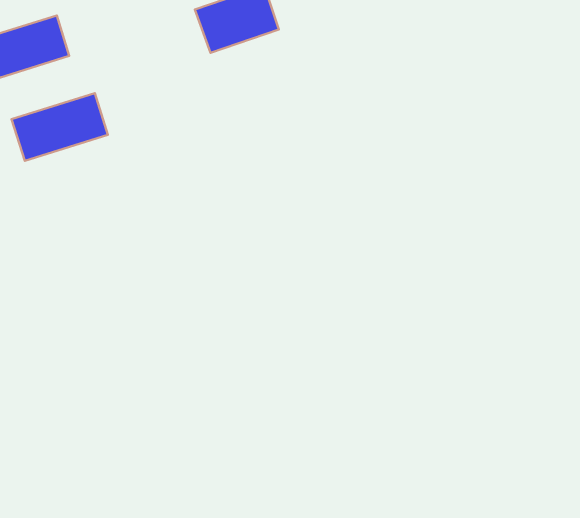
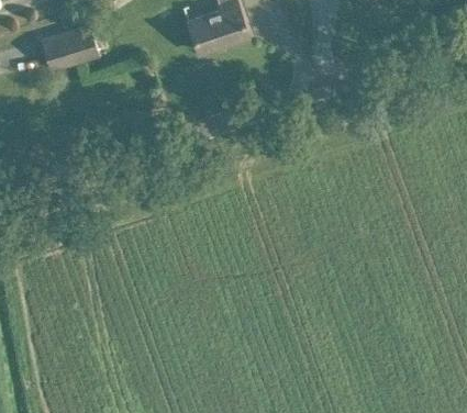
building: [12,93,108,161] -> none

